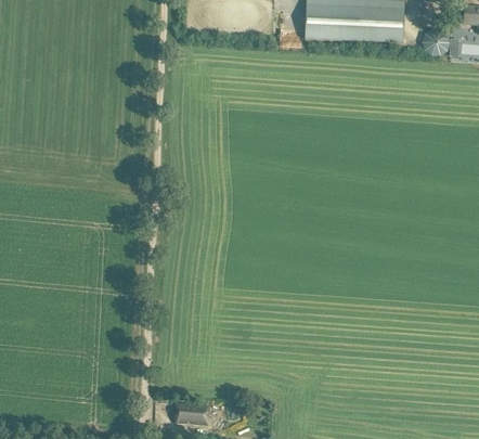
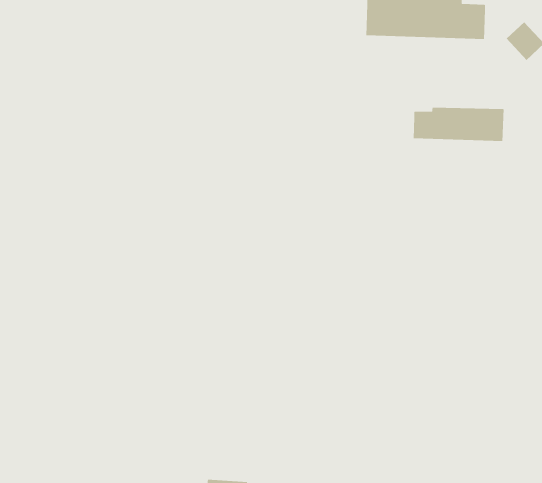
building: none -> [413,107,504,142]

